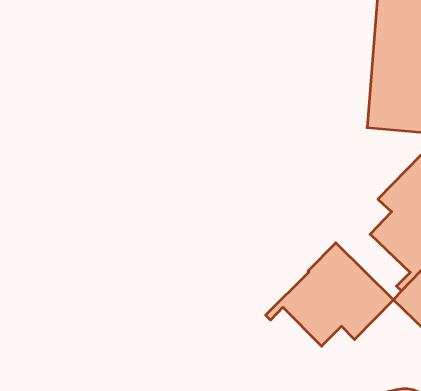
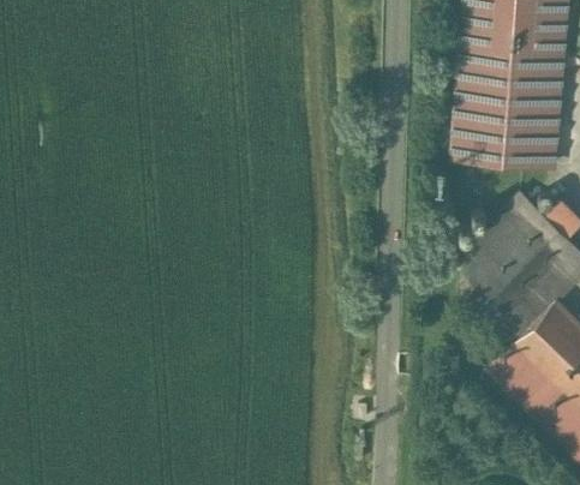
building: [266,243,394,346] -> none

